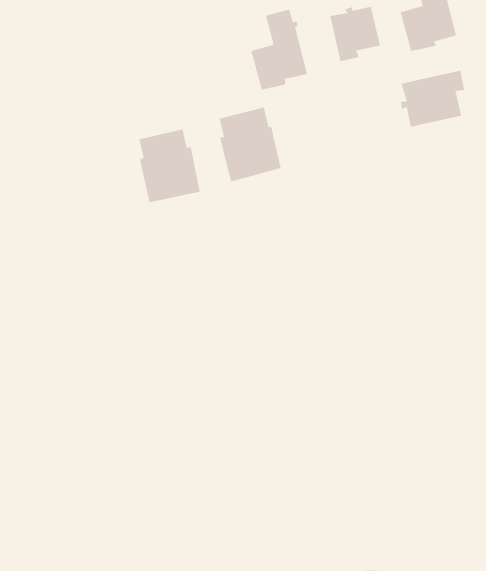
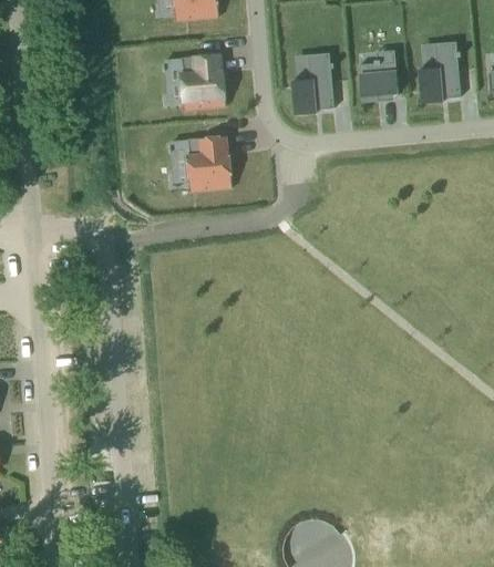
building: [401,70,465,127] -> none
building: [219,107,282,182] -> [179,54,226,111]

